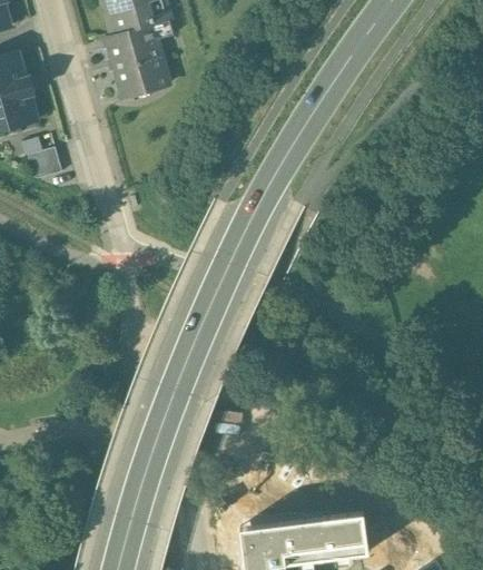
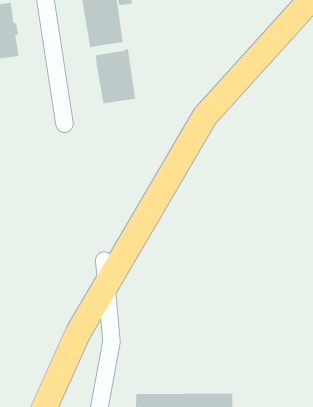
building: none -> [95,49,136,104]
building: [22,138,62,178] -> none

